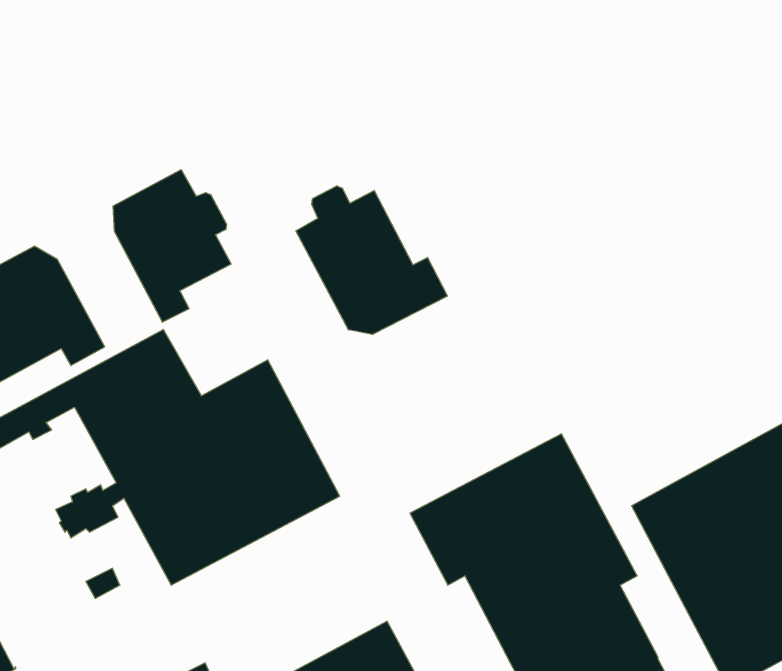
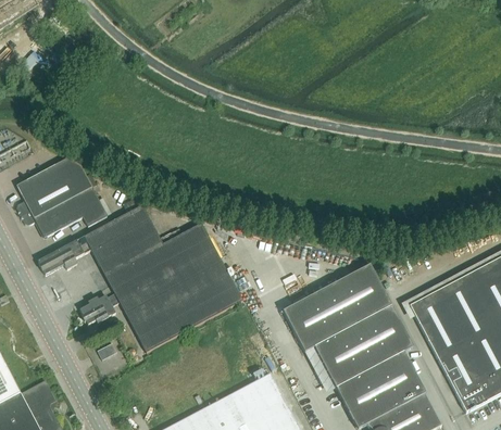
building: [113,170,231,322] -> none
building: [296,186,447,335] -> none

